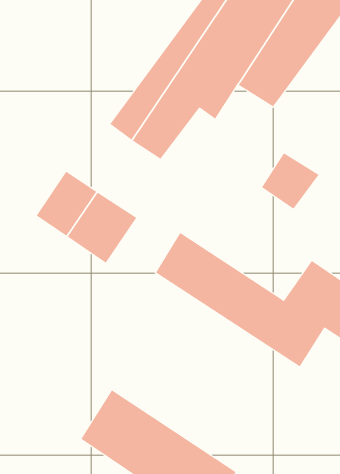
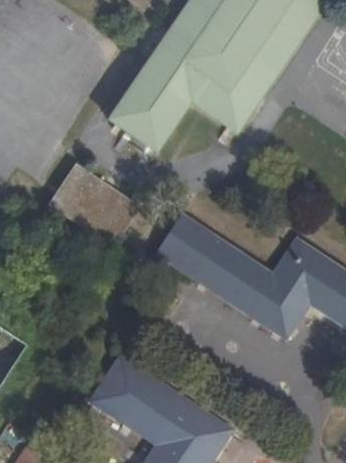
building: [261,153,319,210] -> [209,82,261,133]

